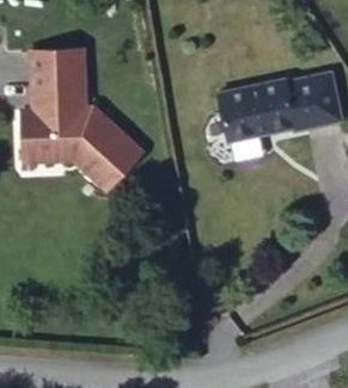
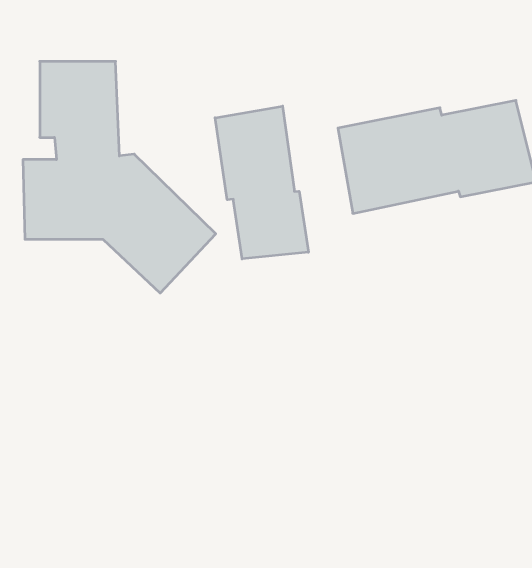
building: none -> [215,106,308,259]

